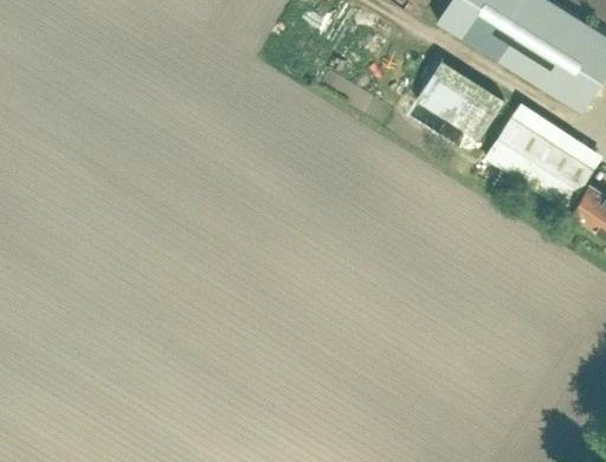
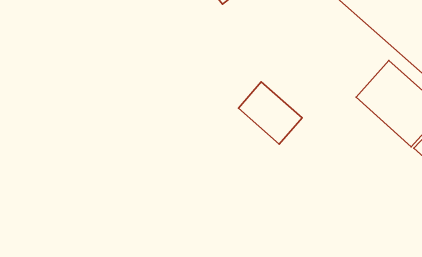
building: [421,62,507,140] -> [238,82,302,144]

